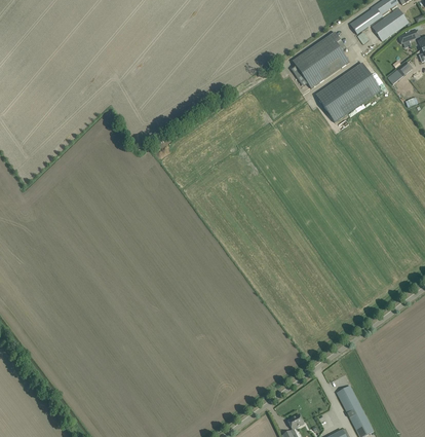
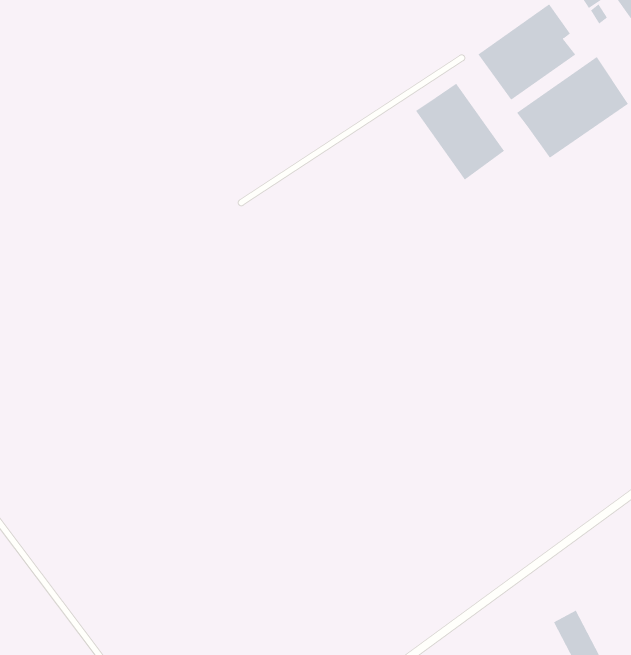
building: none -> [415,83,505,181]

